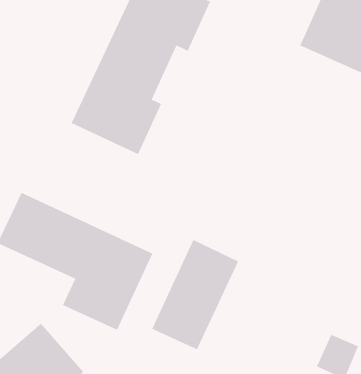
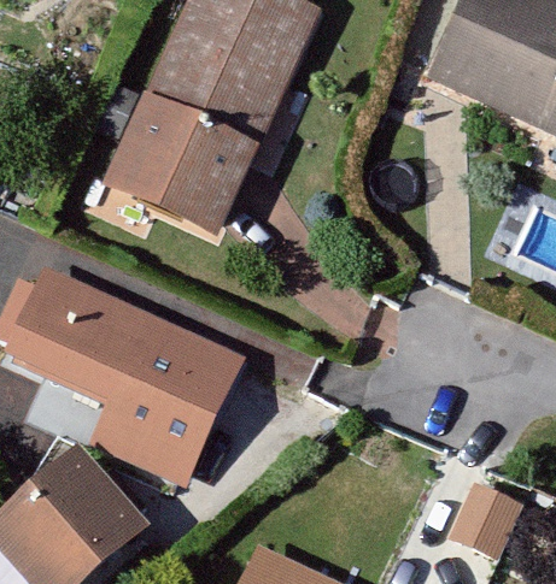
building: [152,239,239,350] -> none

